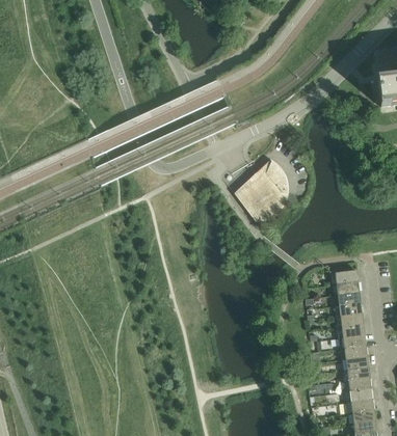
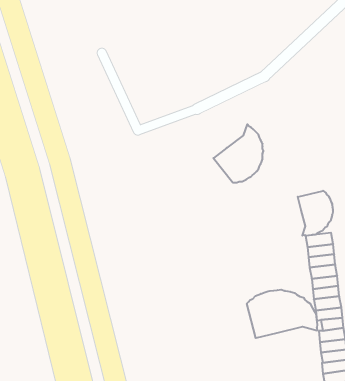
building: none -> [298,191,333,236]
building: none -> [247,290,317,338]

